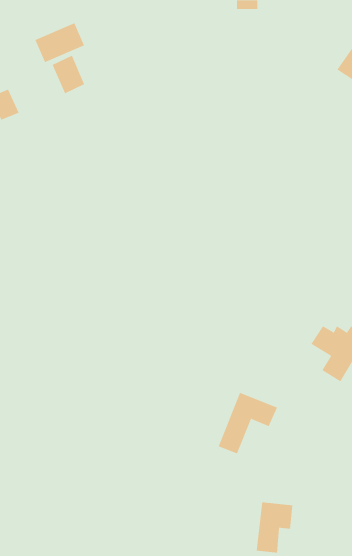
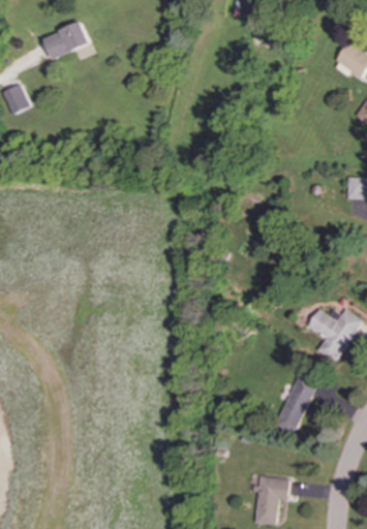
building: [52,55,85,94] -> none
building: [218,392,278,454] -> [276,373,333,432]

